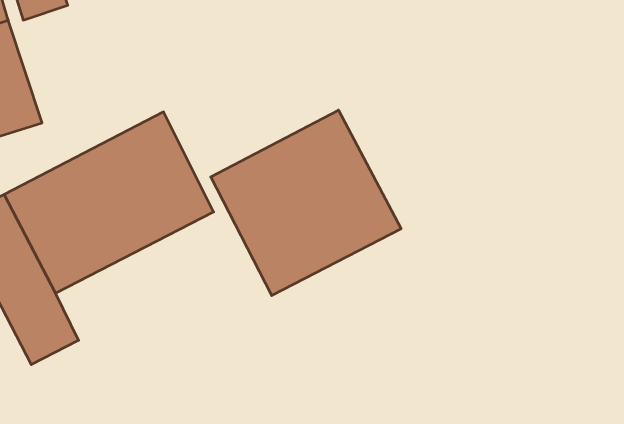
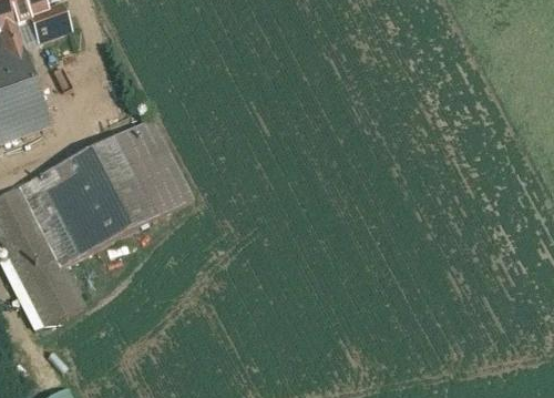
building: [211,110,401,296] -> none

